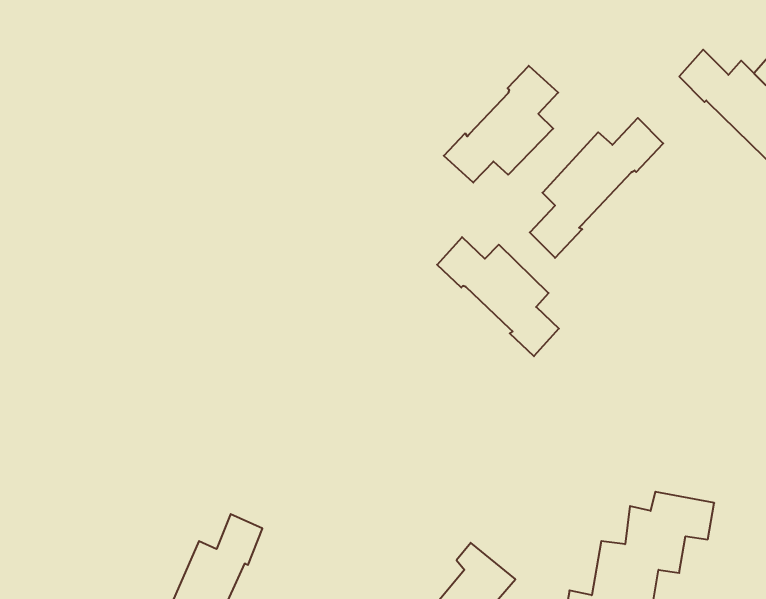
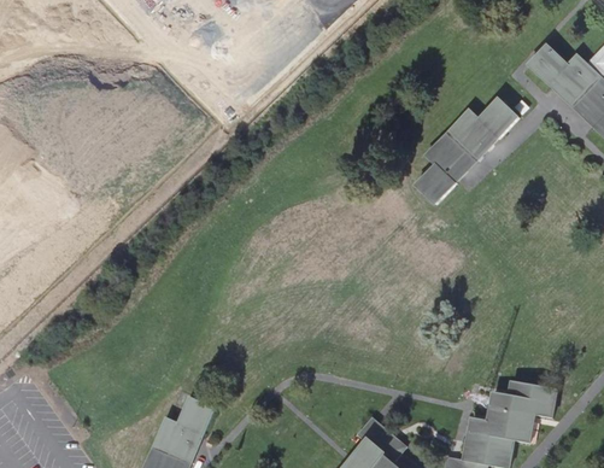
building: [444,66,558,183] -> none
building: [437,237,559,356] -> none

